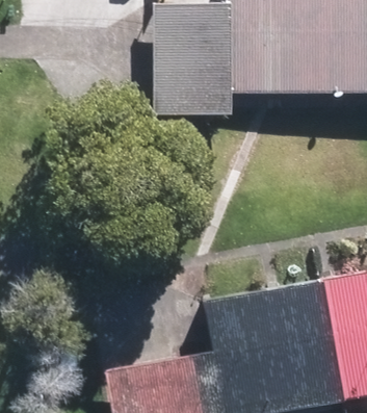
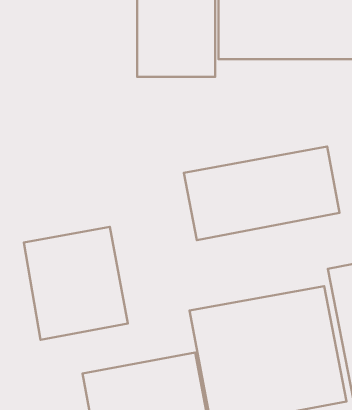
building: none -> [184,147,340,240]
building: none -> [24,227,128,340]

